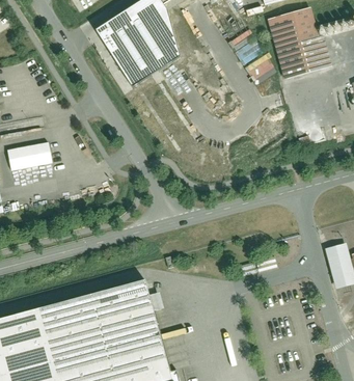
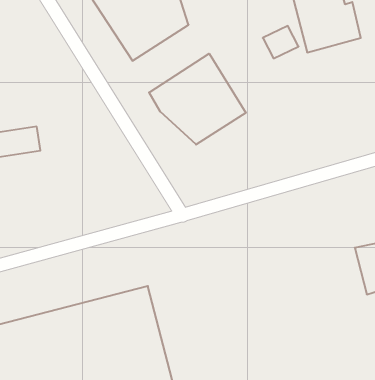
building: none -> [149,54,246,145]

